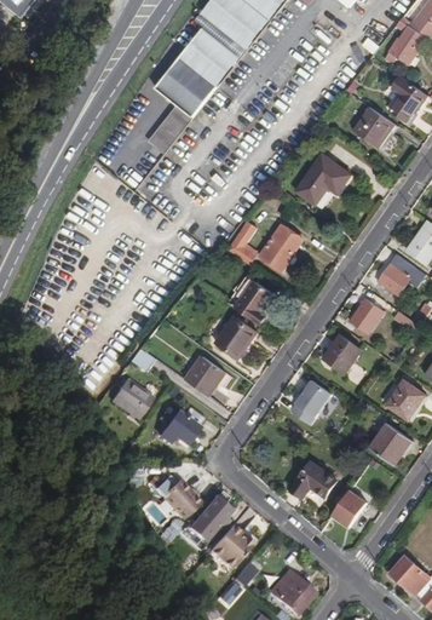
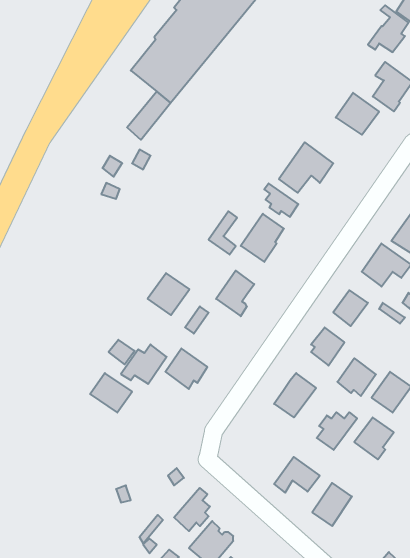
building: none -> [264,183,298,217]
building: [215,316,257,357] -> [148,273,189,315]
building: none -> [337,358,376,396]
building: [159,407,203,446] -> [121,344,167,384]
building: none -> [317,412,357,450]
building: [155,476,198,518] -> none

